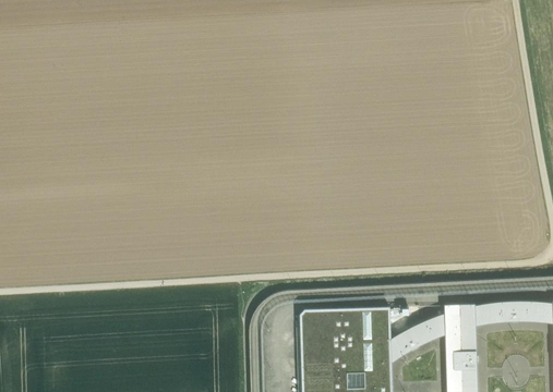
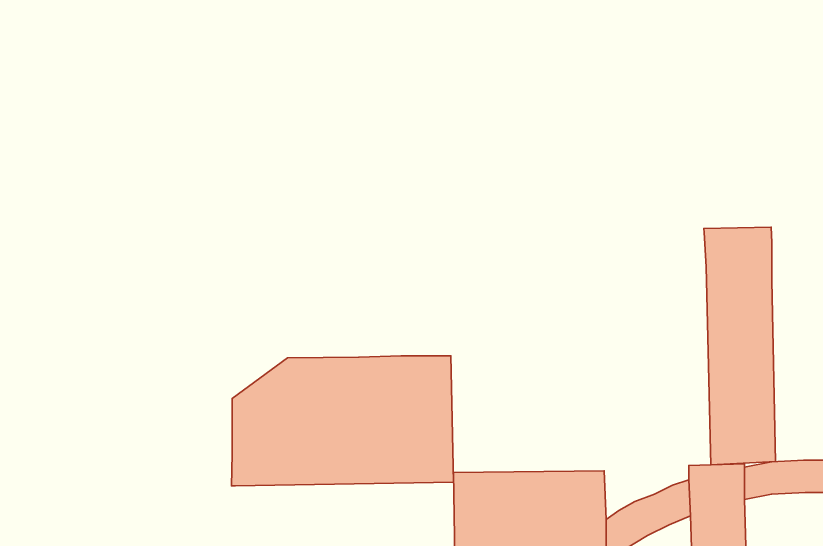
building: none -> [704,227,776,465]
building: none -> [232,356,454,486]

